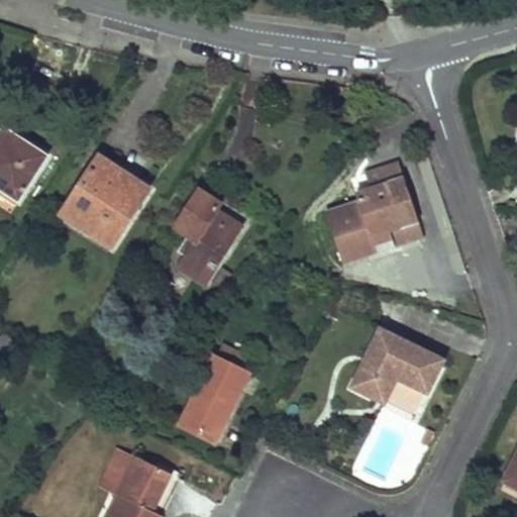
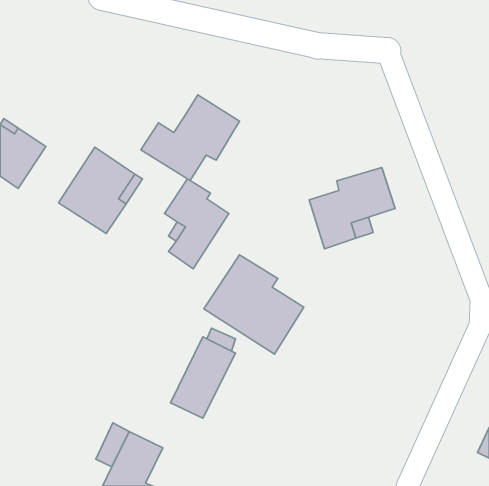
building: none -> [141,95,239,181]
building: none -> [204,255,304,354]
building: [352,329,442,416] -> none

